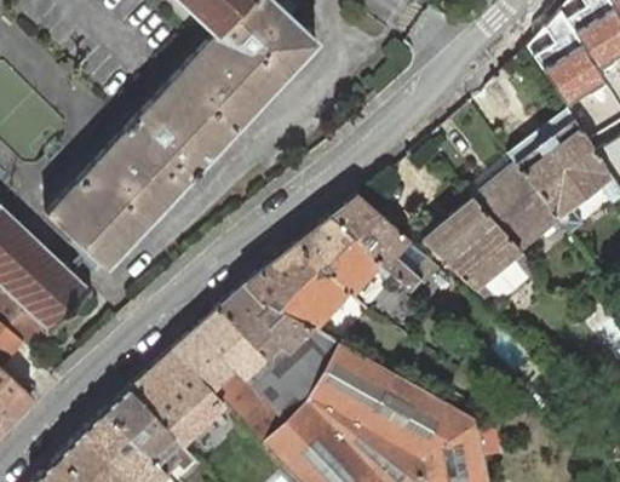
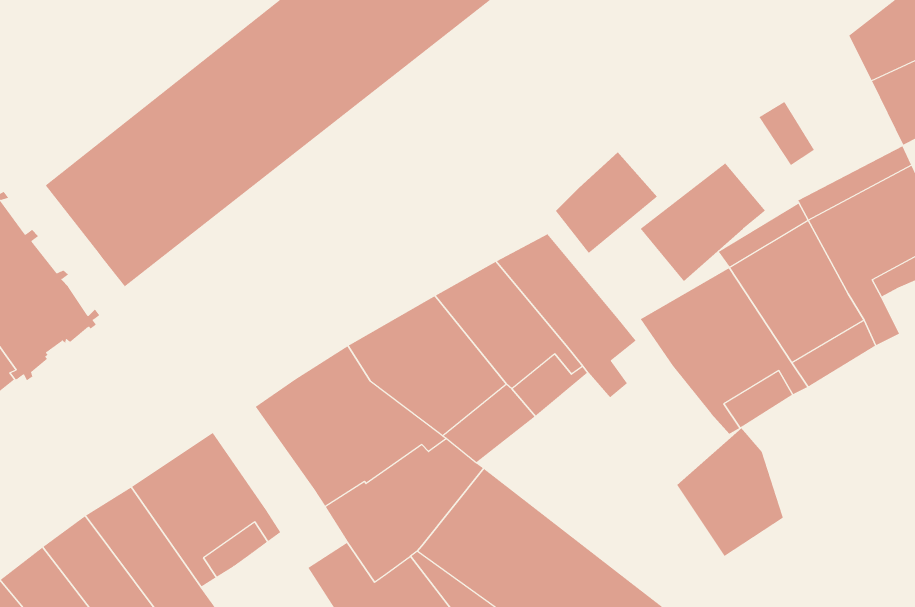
building: none -> [640,163,766,282]
building: none -> [555,152,658,254]
building: none -> [677,427,783,557]
building: [174,329,241,391] -> none

